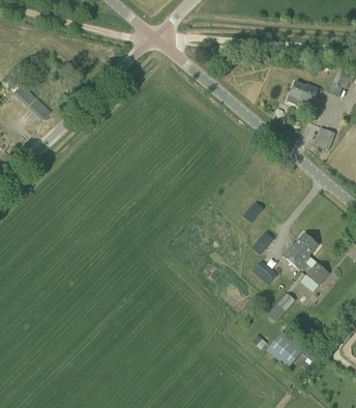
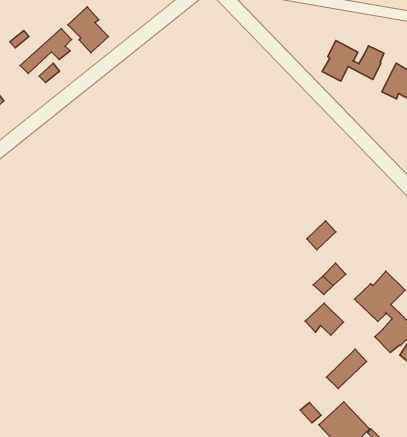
building: none -> [68,7,109,53]
building: none -> [322,41,384,81]

